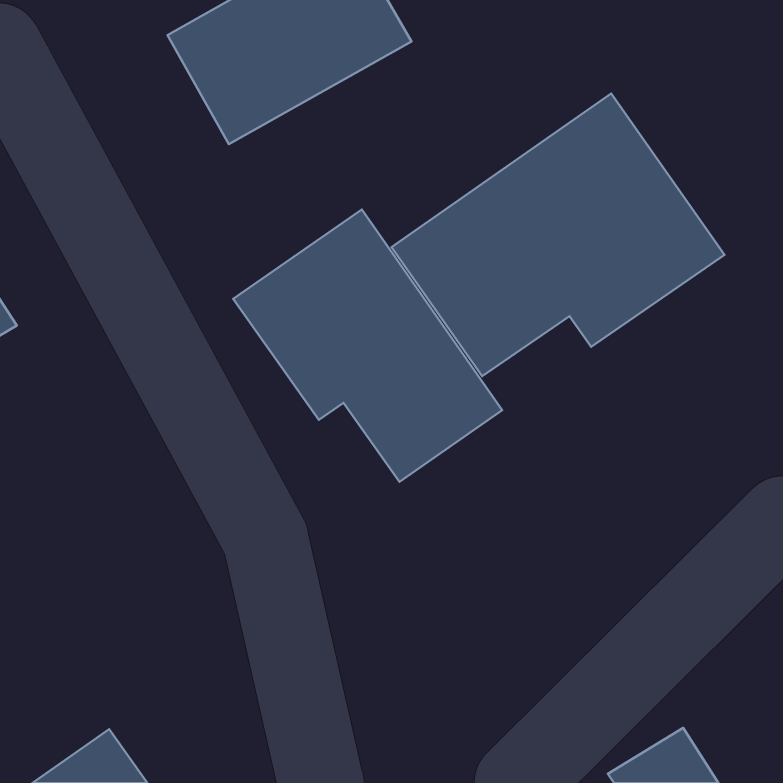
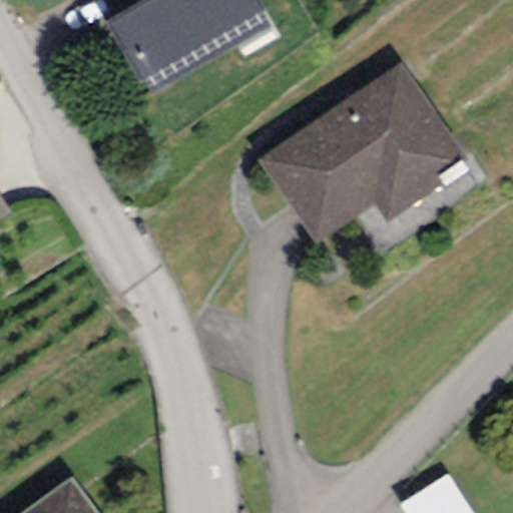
building: [233,210,502,482] -> none

